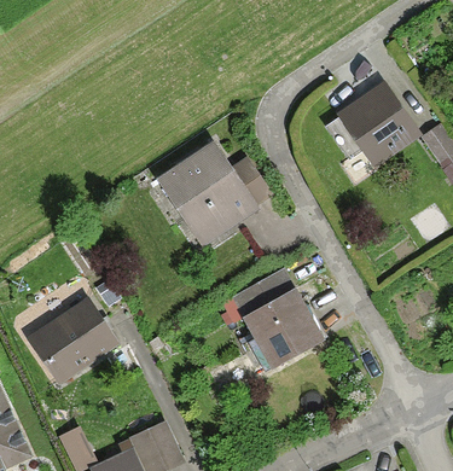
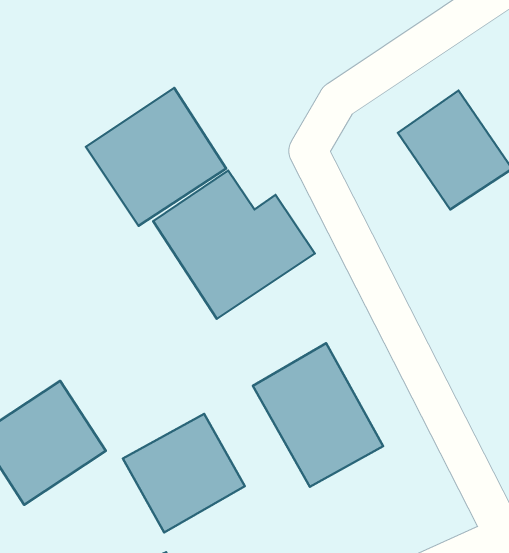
building: none -> [86,88,226,226]
building: none -> [123,414,245,533]

